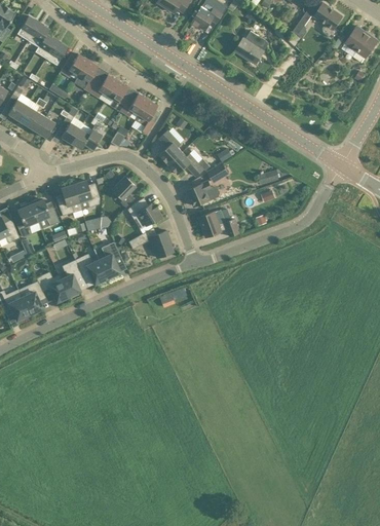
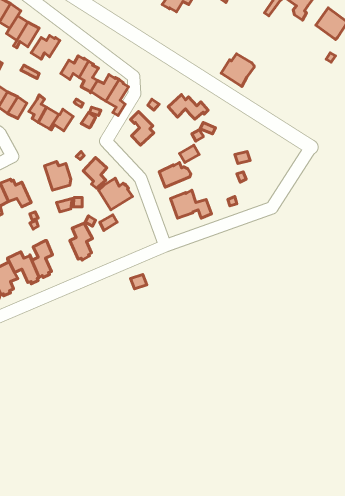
building: [235,31,268,64] -> [221,54,254,86]
building: [74,59,98,91] -> none
building: [169,151,210,176] -> [168,95,208,119]
building: [55,184,81,215] -> none
building: [149,230,173,257] -> none
building: [75,253,107,284] -> none

